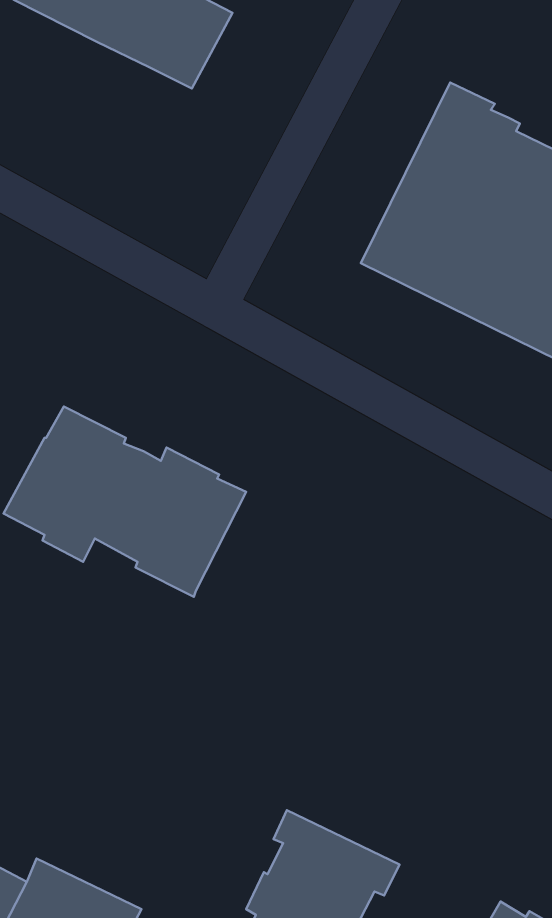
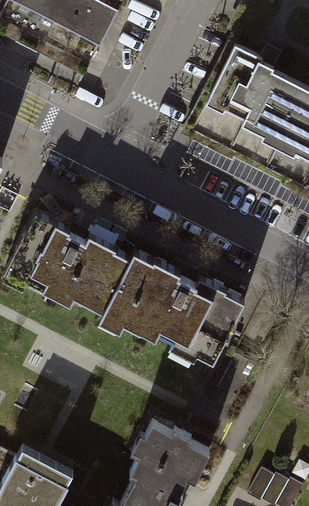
building: none -> [104,250,244,361]

